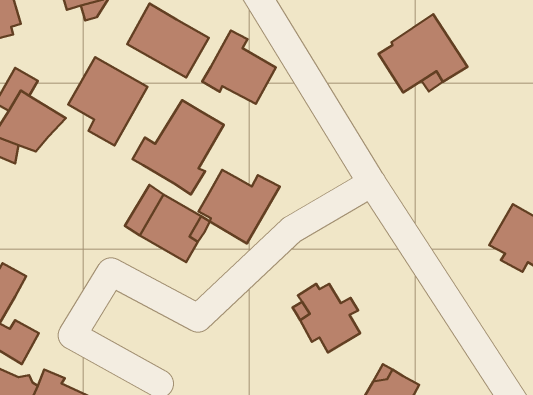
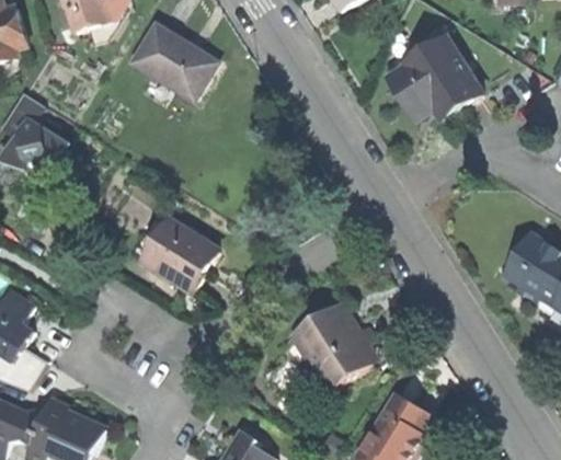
building: [202,31,276,104] -> none
building: [68,57,148,145] -> none
building: [133,100,224,194] -> none
building: [198,170,280,244] -> none

